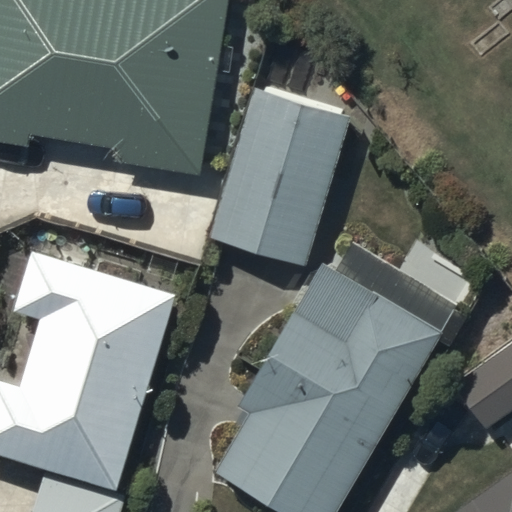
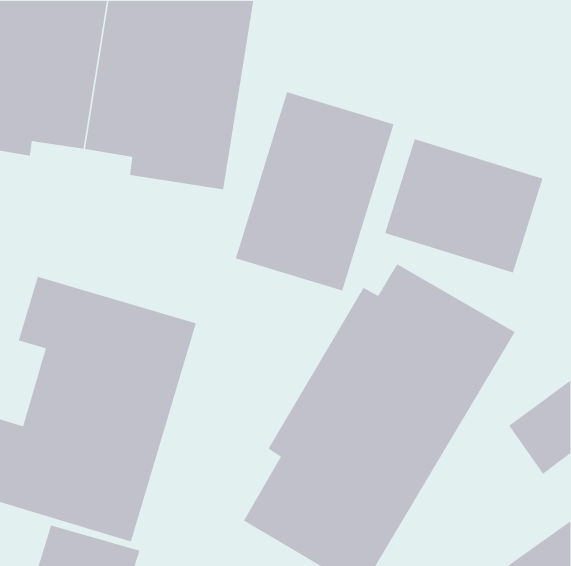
building: none -> [384,138,544,274]

